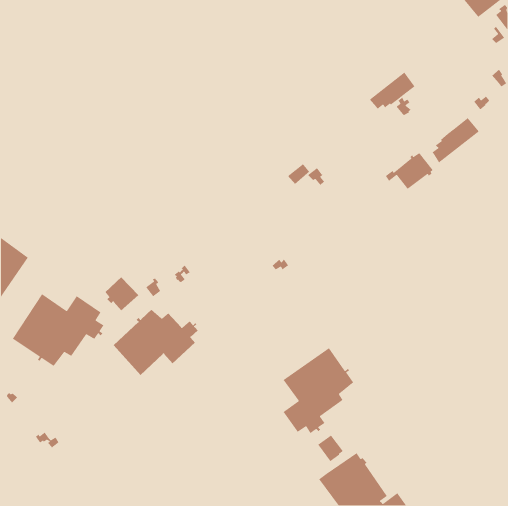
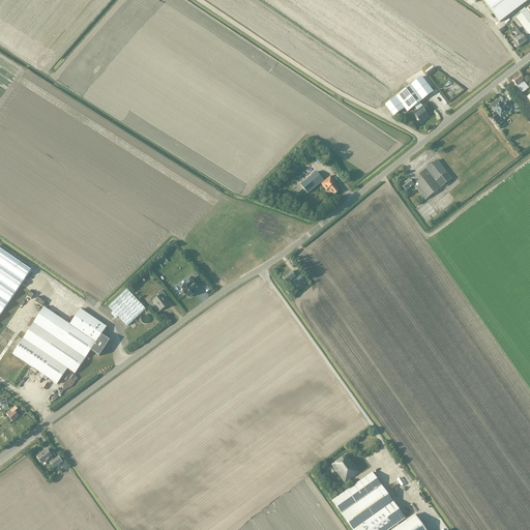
building: [432,117,480,163] -> none
building: [113,309,199,376] -> none
building: [282,347,354,434] -> none

